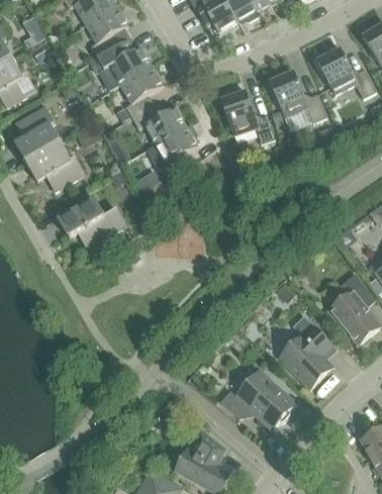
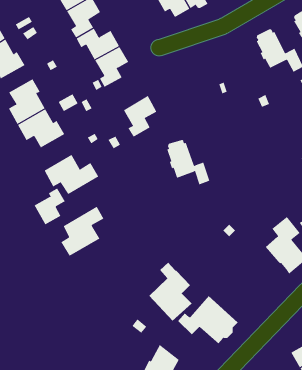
building: [270,69,326,123] -> none
building: [221,88,275,143] -> [166,139,210,185]
building: [132,105,186,144] -> none
building: none -> [34,188,65,225]
building: none -> [61,206,104,256]
building: [280,316,333,389] -> [148,262,192,322]

